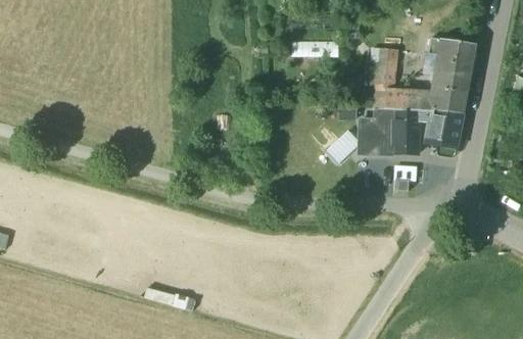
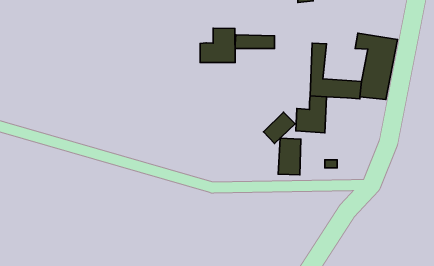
building: none -> [200,28,235,62]
building: [393,111,419,153] -> [278,138,301,175]
building: [428,111,463,147] -> none

